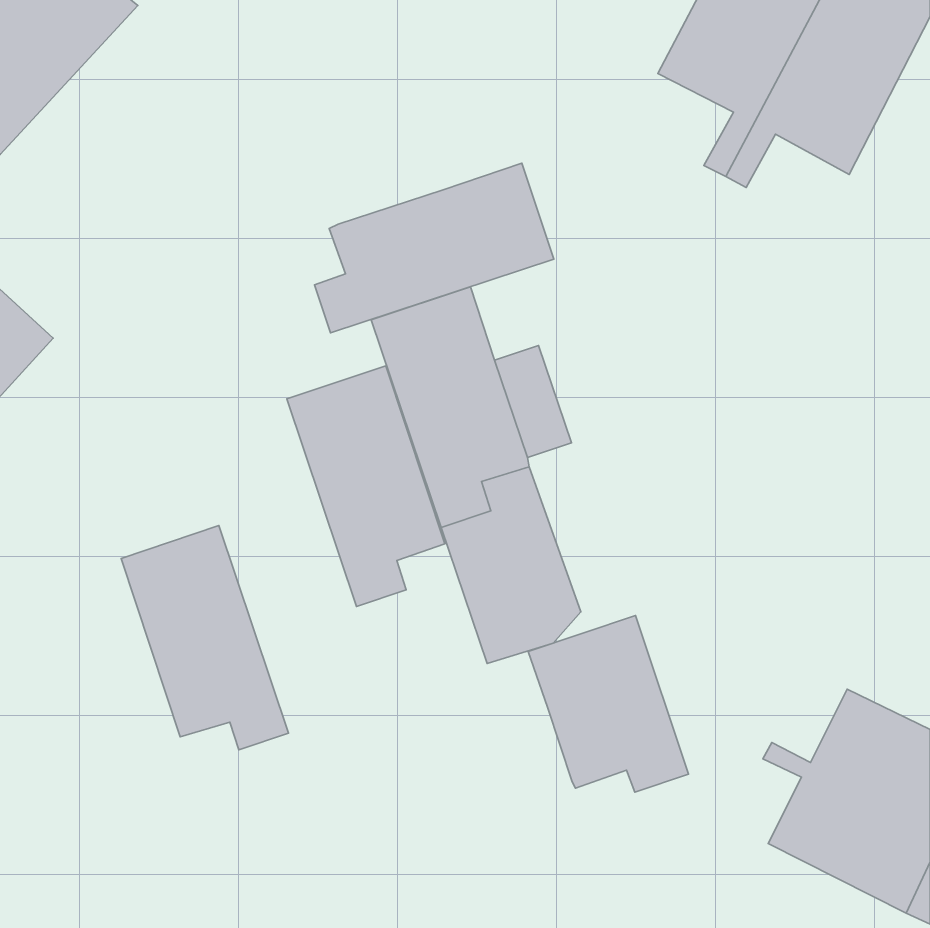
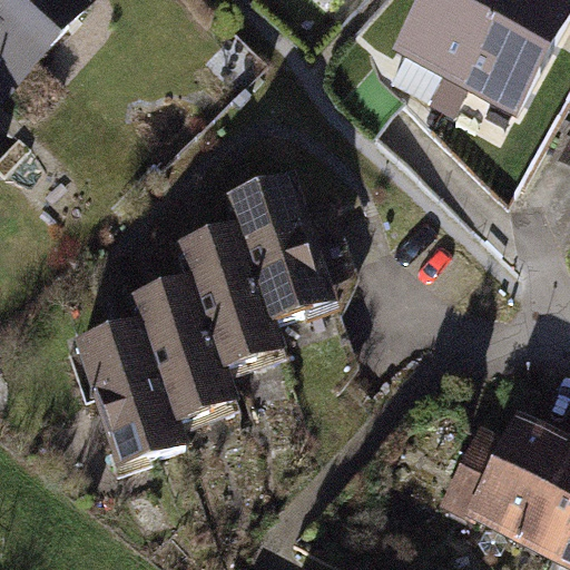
building: [314,163,554,333] -> none
building: none -> [125,274,220,420]
building: [528,615,688,792] -> none

